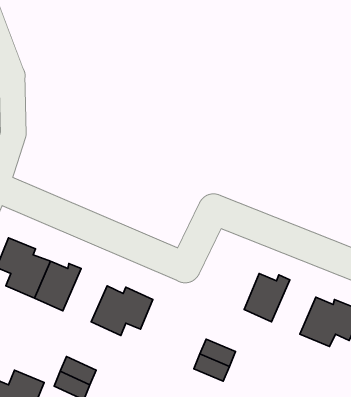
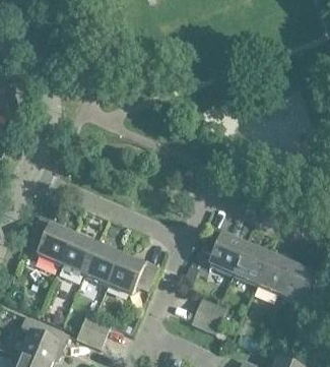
building: none -> [200,225,245,274]
building: none -> [83,241,120,285]
building: none -> [255,250,291,295]

